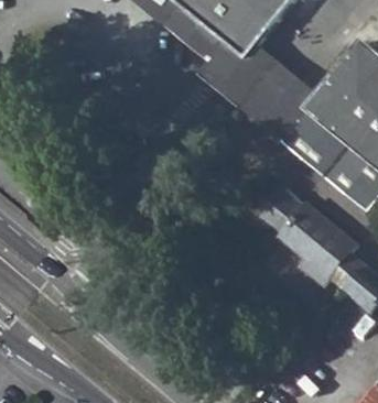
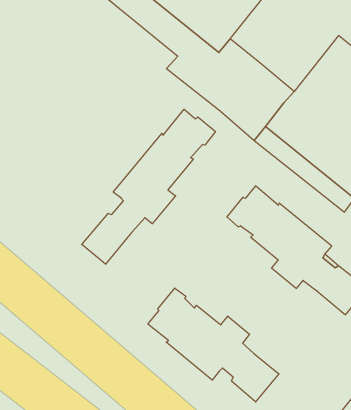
building: none -> [82,109,215,264]
building: none -> [148,288,279,402]

